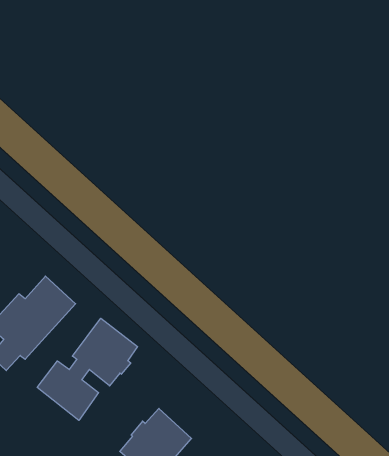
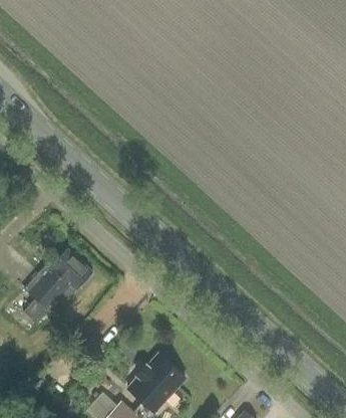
building: [37,318,138,420] -> none

